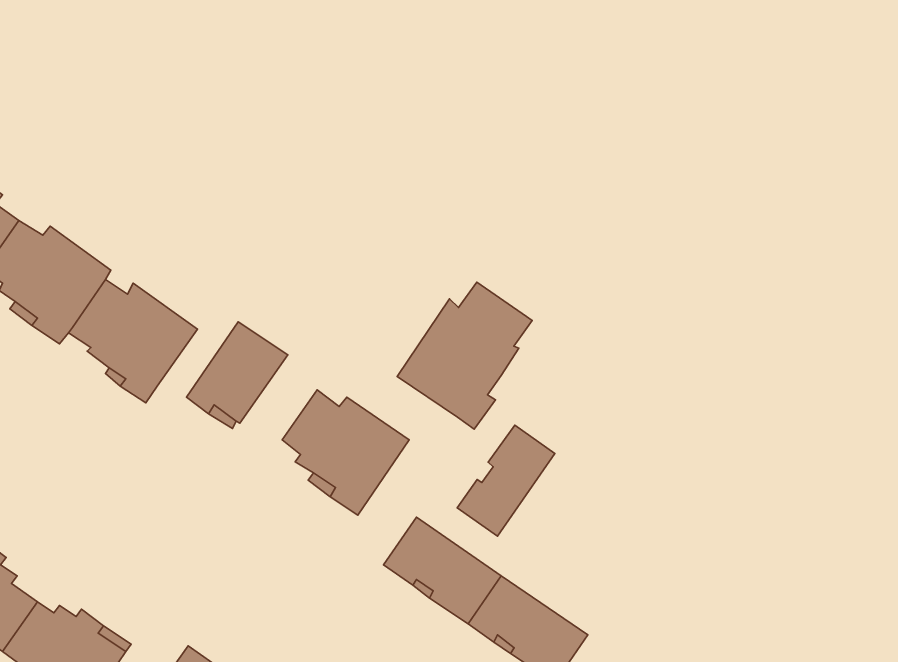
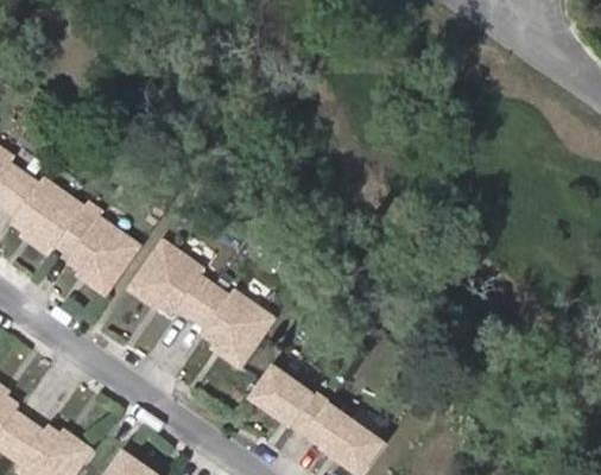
building: [397,282,532,429] -> none
building: none -> [162,262,211,317]
building: [457,425,555,536] -> none

